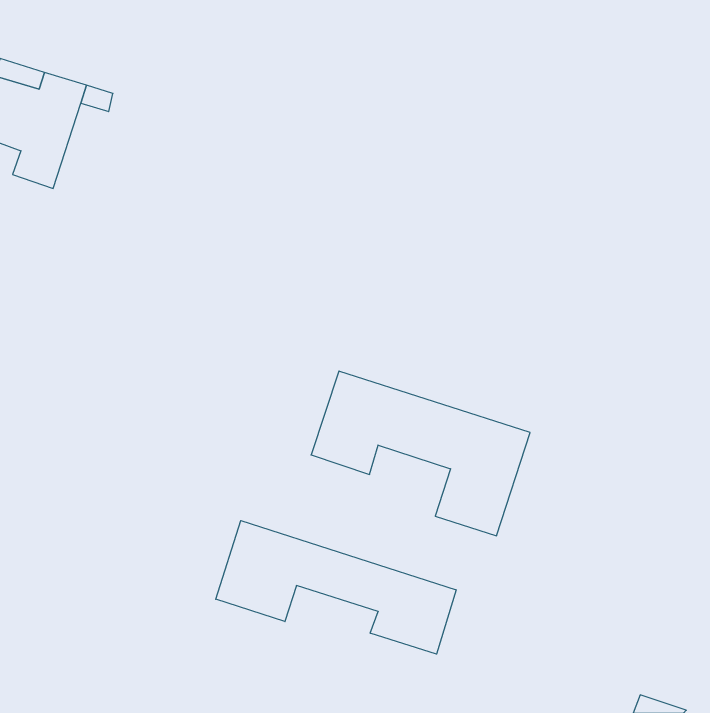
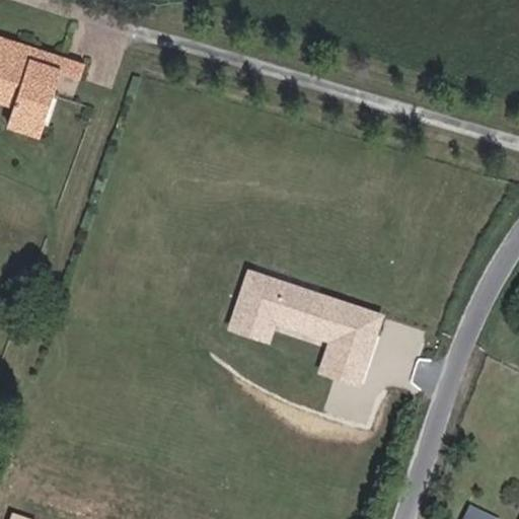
building: [216,521,456,654] -> none

